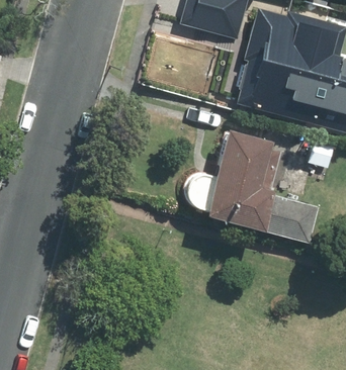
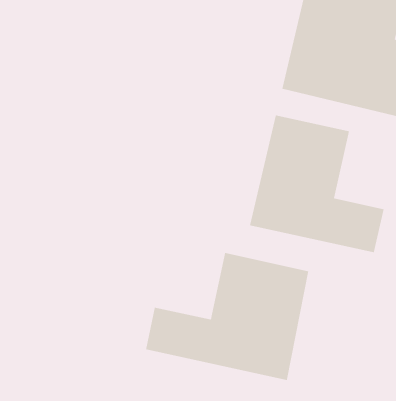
building: none -> [146,252,309,381]

